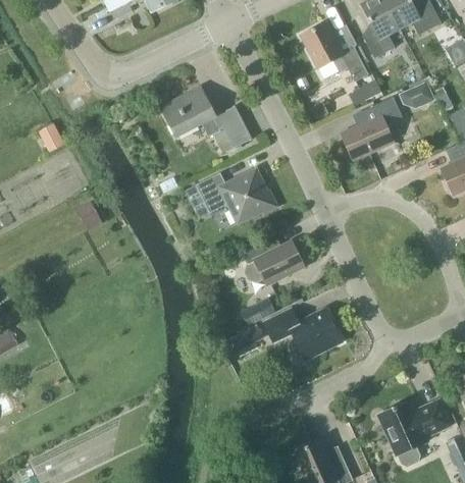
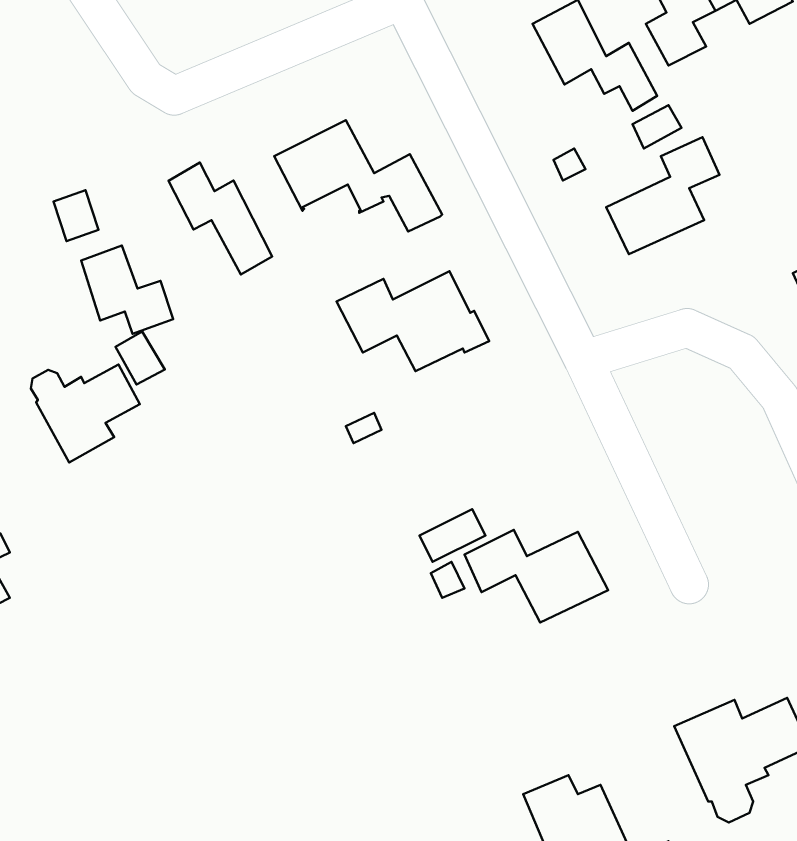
building: [398,81,434,109] -> none
building: none -> [168,163,272,275]
building: none -> [81,246,173,334]
building: none -> [31,365,140,463]
building: [242,235,304,285] -> none

